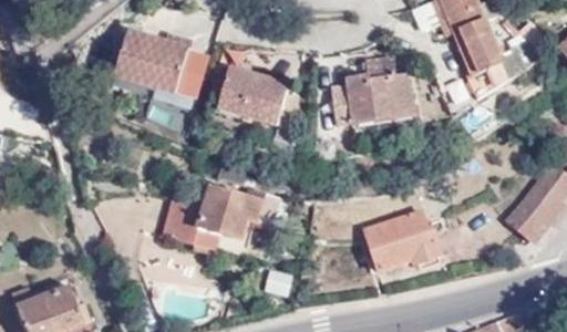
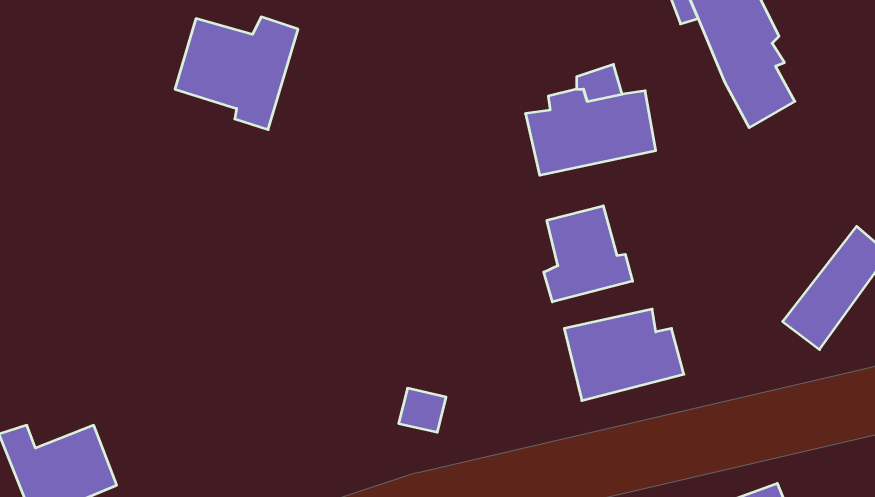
building: [221,70,293,131] -> none
building: none -> [544,206,633,302]
building: [162,181,280,251] -> none

